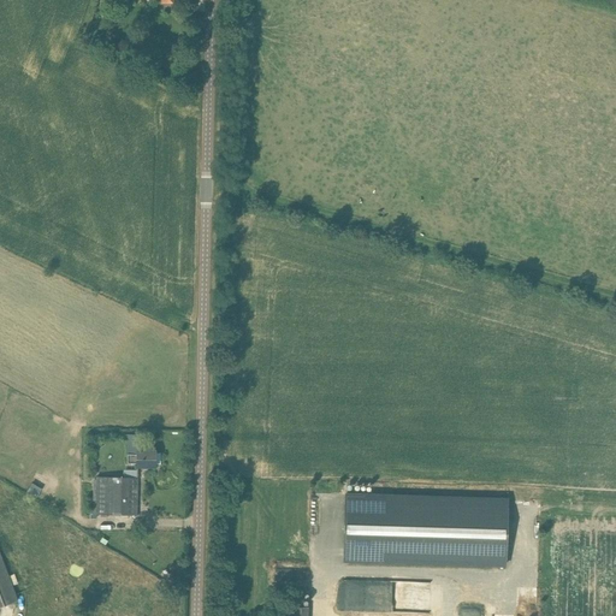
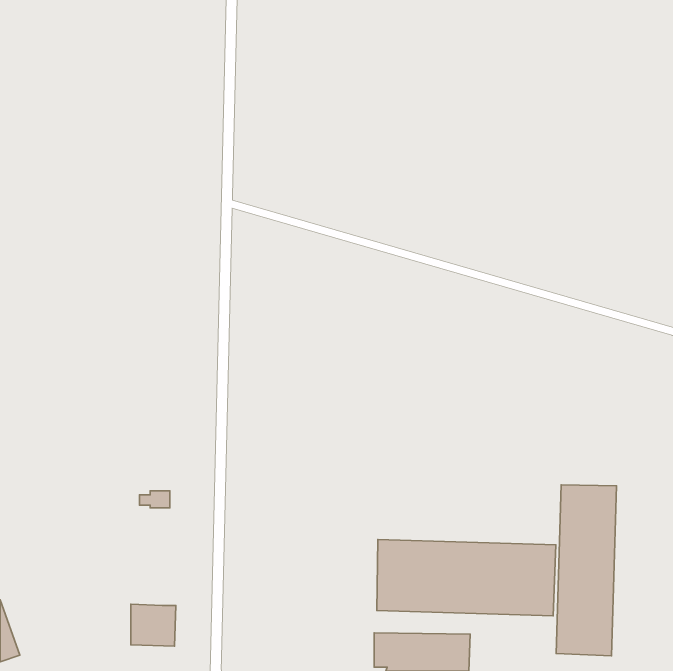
building: none -> [556,485,616,656]
building: [96,475,137,514] -> [131,604,176,646]

